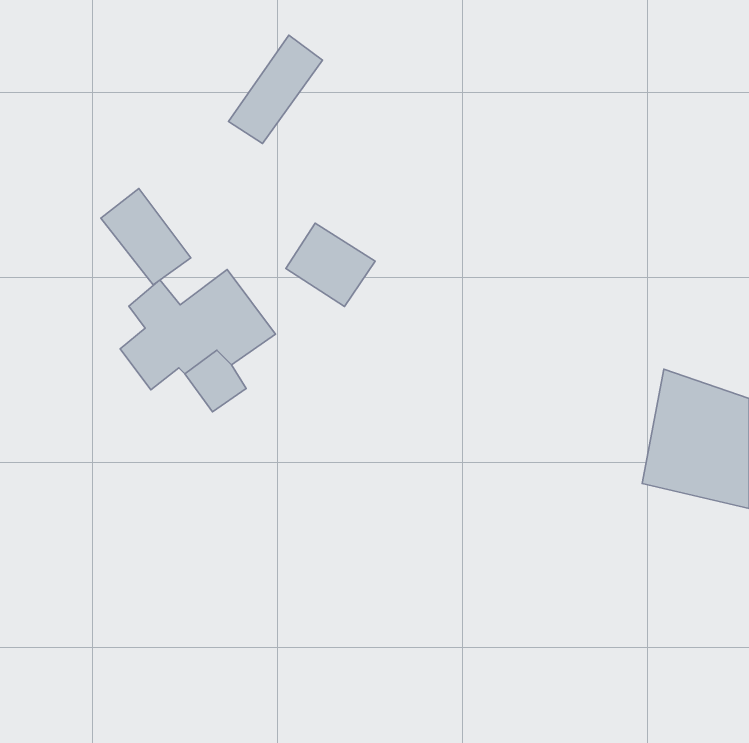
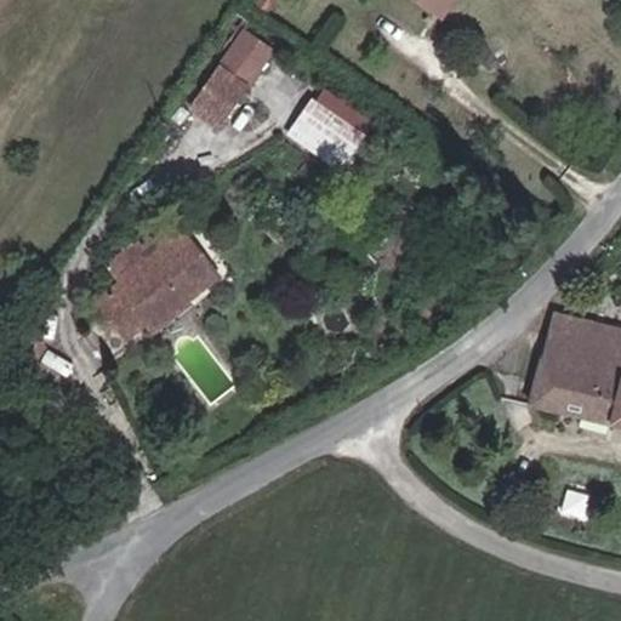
building: [101,189,191,285] -> none
building: [286,223,375,307] -> [298,97,372,166]

